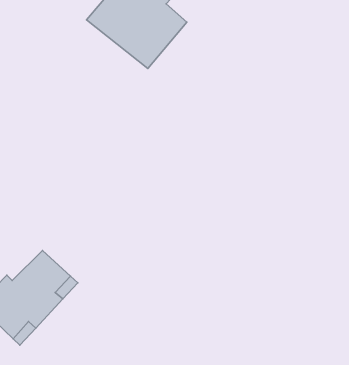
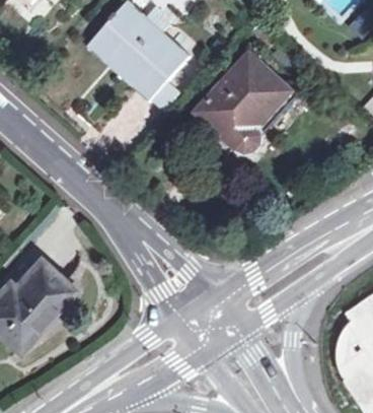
building: none -> [198,57,292,153]

